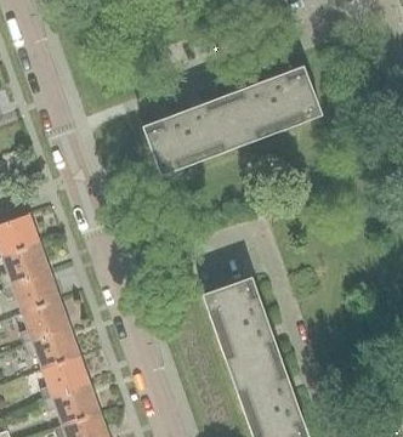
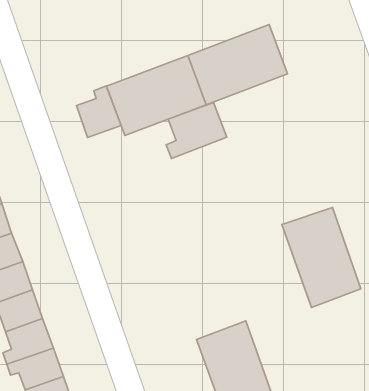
building: none -> [77,86,121,137]
building: none -> [166,102,227,158]
building: [202,277,279,375] -> [282,207,361,307]

